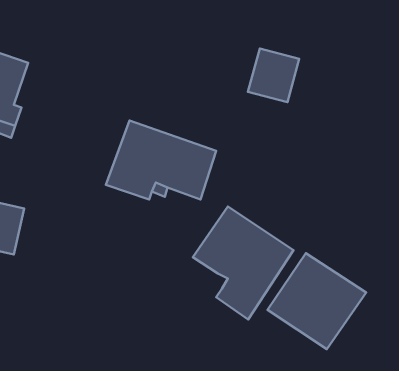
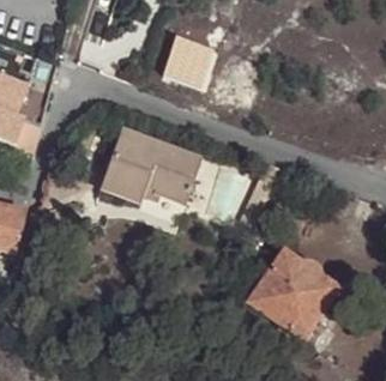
building: [248,48,299,102] -> [165,32,212,81]
building: [193,207,293,320] -> none

